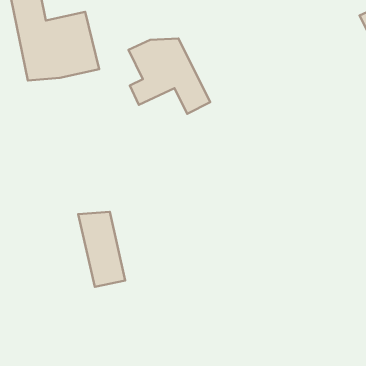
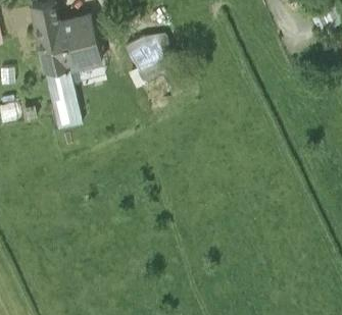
building: [78,212,125,287] -> [45,69,83,129]

